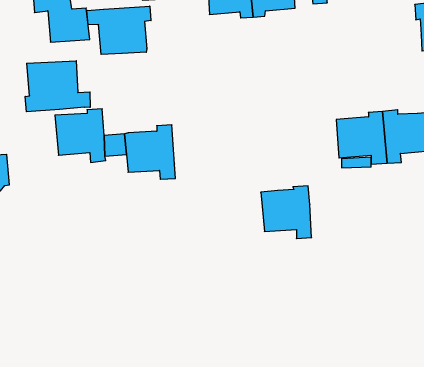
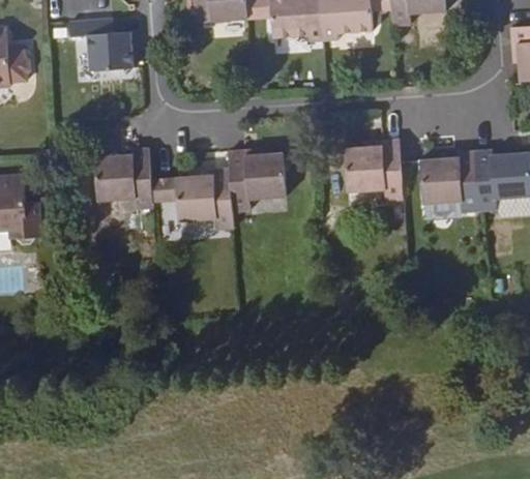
building: [87,6,151,54] -> none
building: [25,61,90,112] -> none
building: none -> [229,150,287,212]
building: [261,186,312,239] -> [344,140,403,201]

